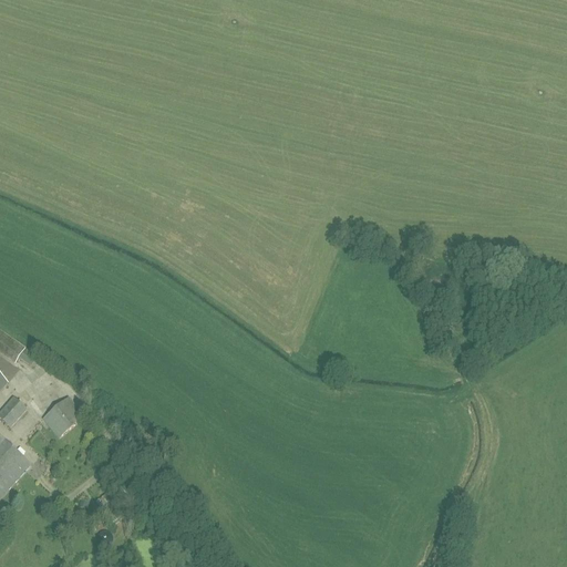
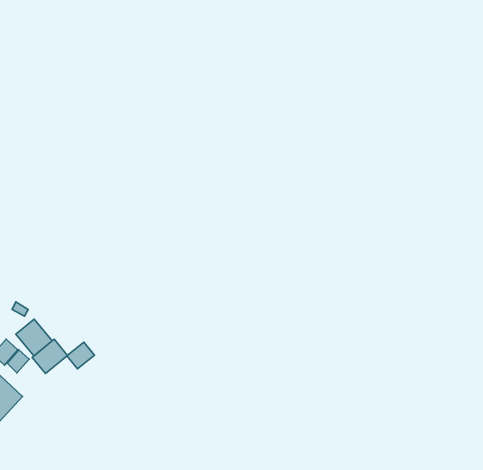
building: none -> [16,319,52,356]
building: none -> [67,342,95,369]

